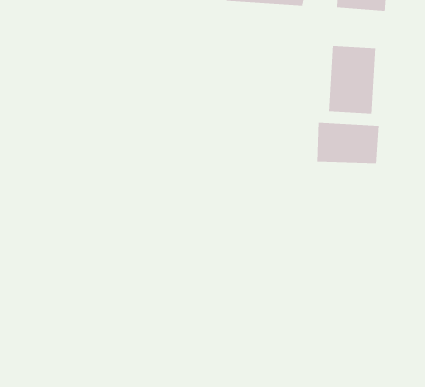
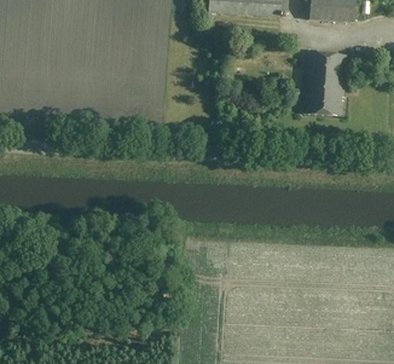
building: [316,122,380,164] -> none

